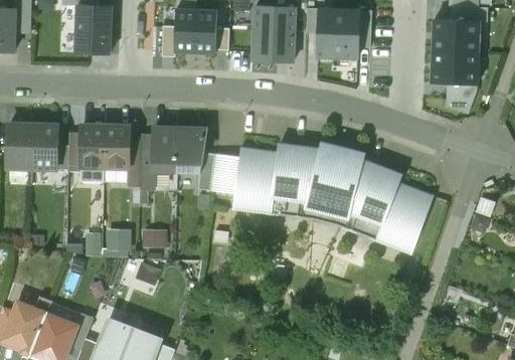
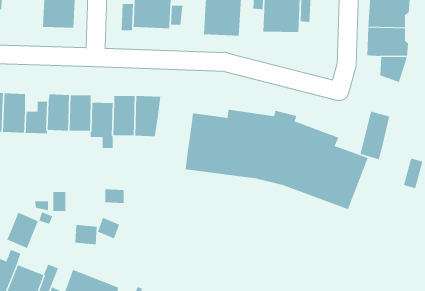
building: none -> [360,111,390,160]
building: [197,151,238,192] -> none
building: [105,228,130,250] -> [75,225,97,245]
building: none -> [6,212,39,249]

